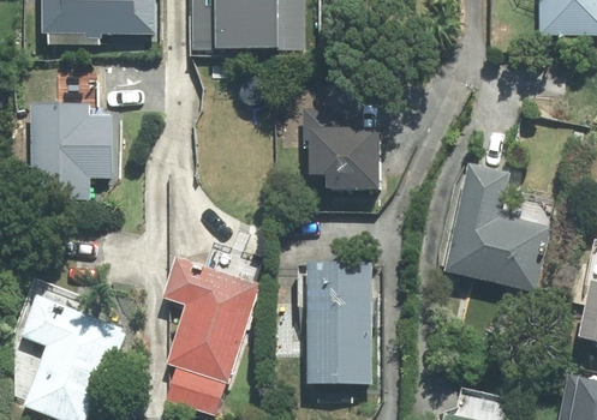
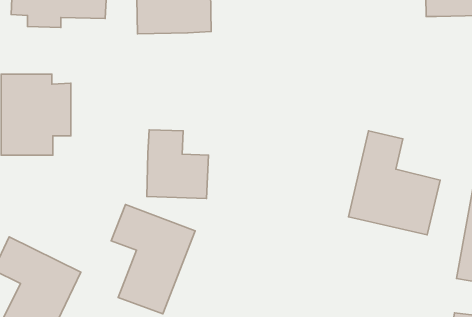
building: [309,107,382,188] -> [147,130,209,199]
building: [295,260,370,384] -> none

